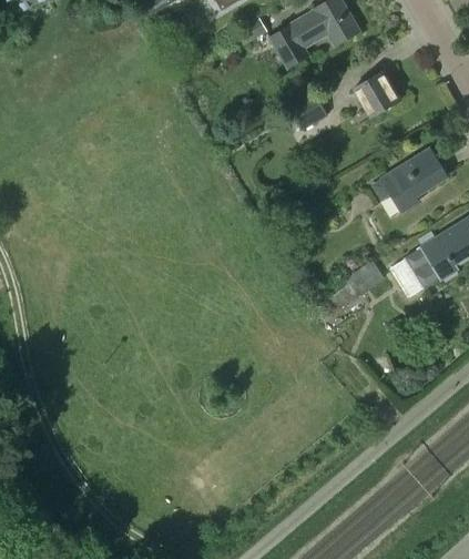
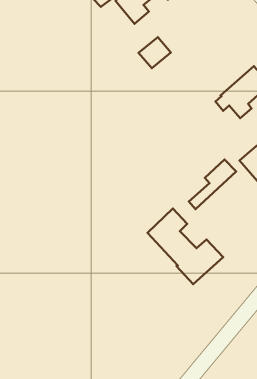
building: [354,69,401,115] -> none
building: none -> [148,209,223,284]

